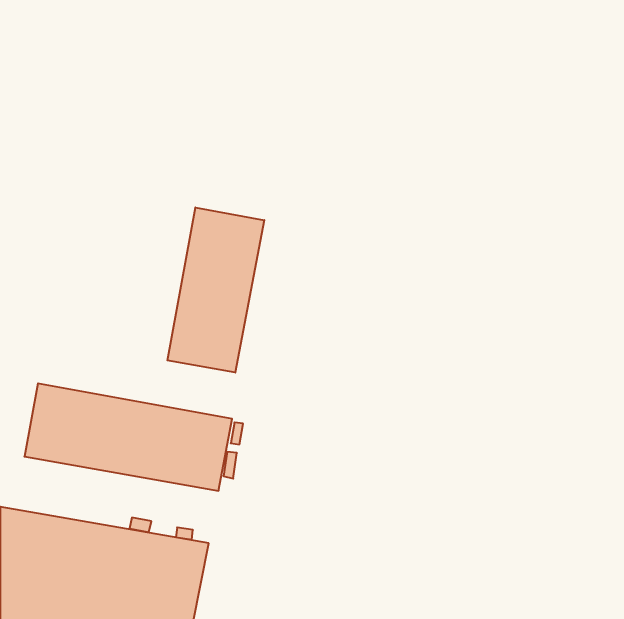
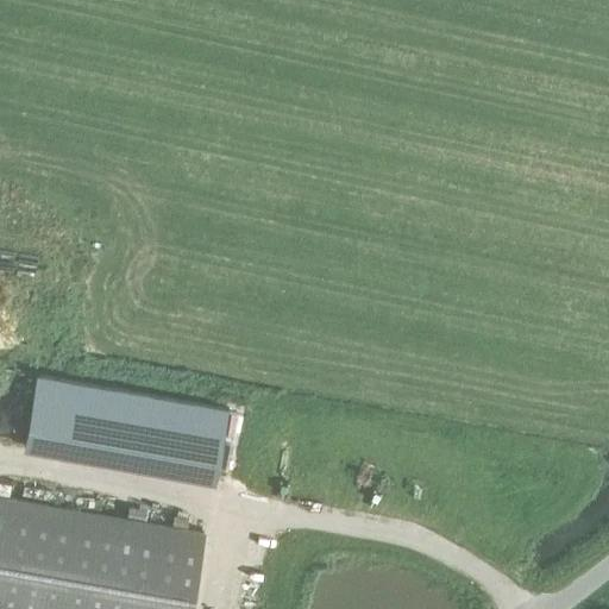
building: [167,207,264,373] -> none

